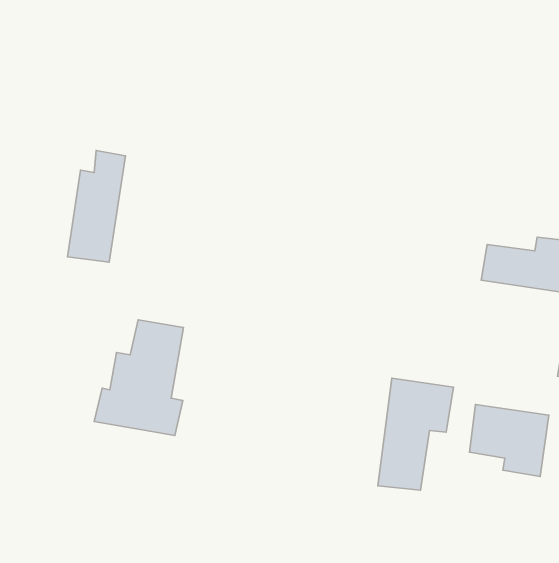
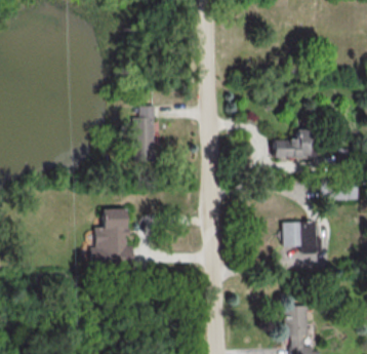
building: [67,151,125,262] -> [133,106,156,162]
building: [378,378,454,490] -> none

